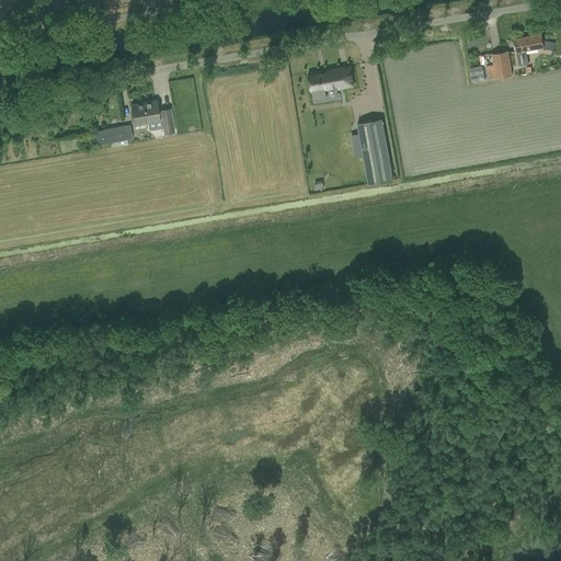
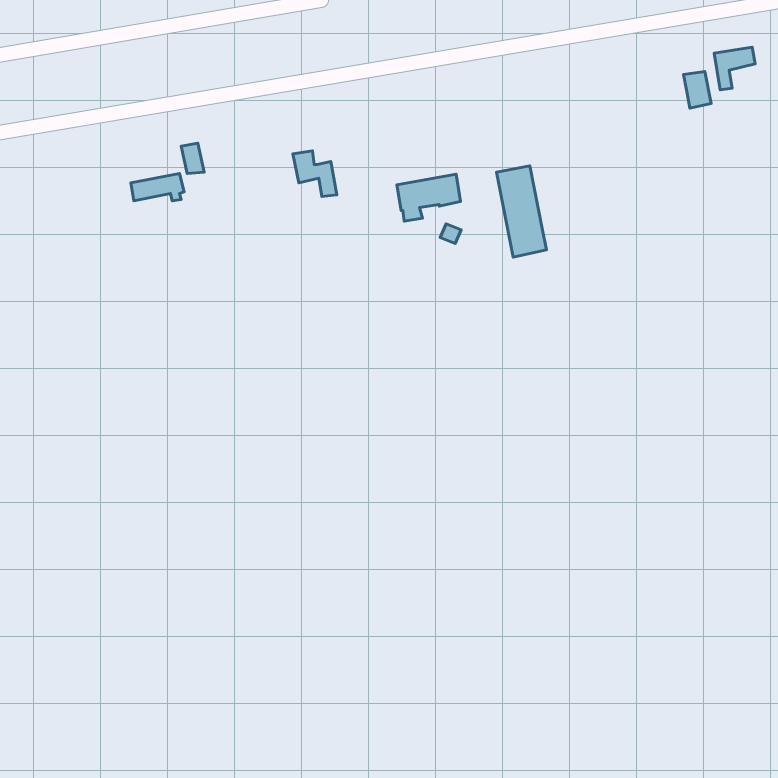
building: [307,66,353,100] -> [397,174,461,221]
building: [142,101,174,134] -> [293,151,337,196]

